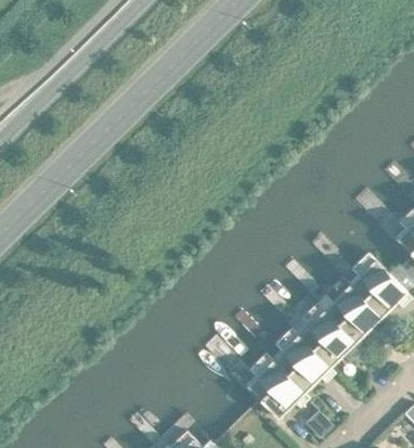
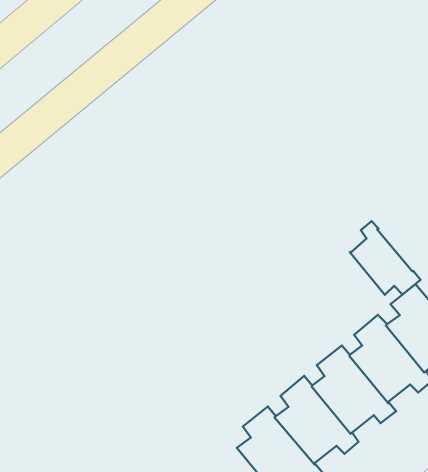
building: none -> [350,221,420,295]

